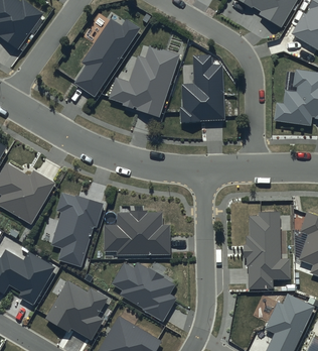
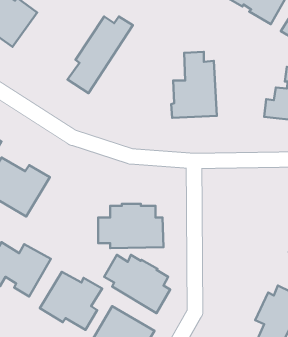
building: [108,46,178,116] -> none
building: [50,192,104,266] -> none
building: [244,211,291,288] -> none

